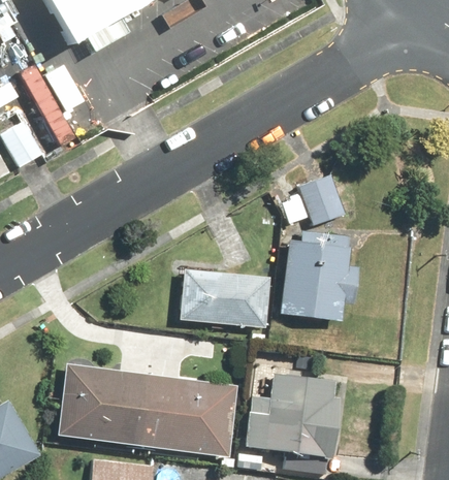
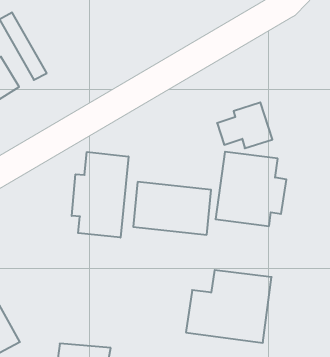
building: none -> [72,152,128,238]
building: [59,365,240,458] -> none

